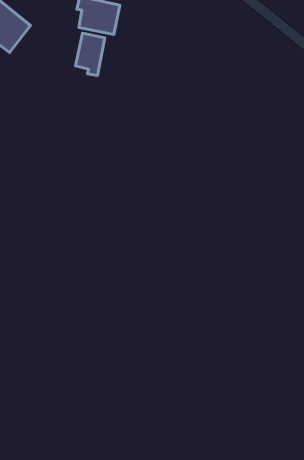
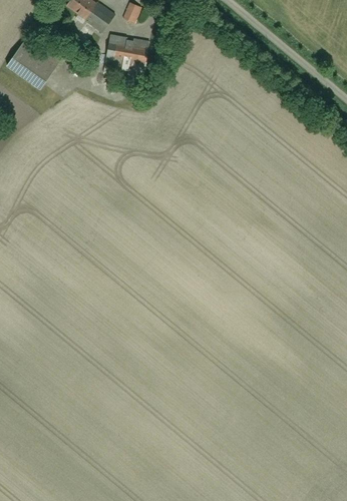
building: [75,33,105,76] -> none

